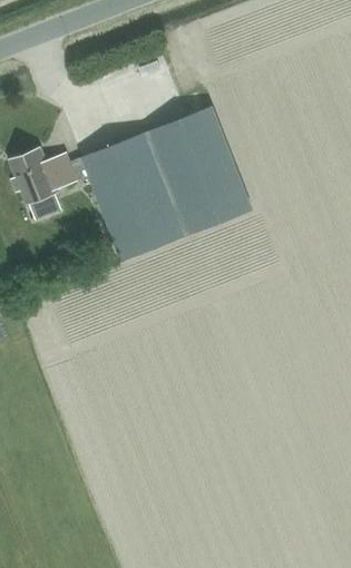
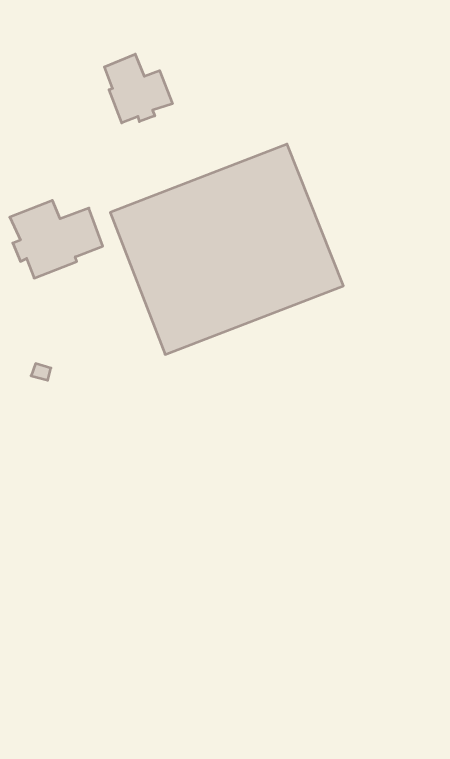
building: none -> [104,54,172,123]

